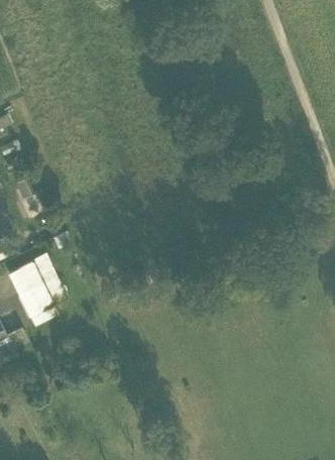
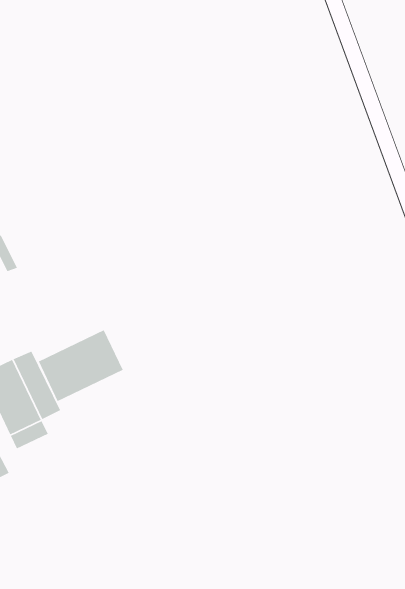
building: none -> [38,329,124,402]

